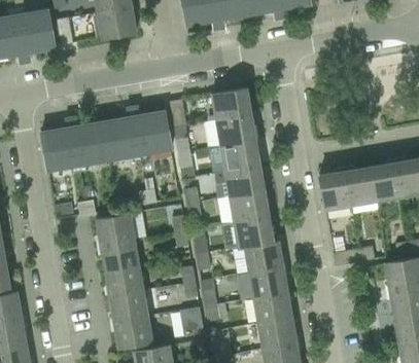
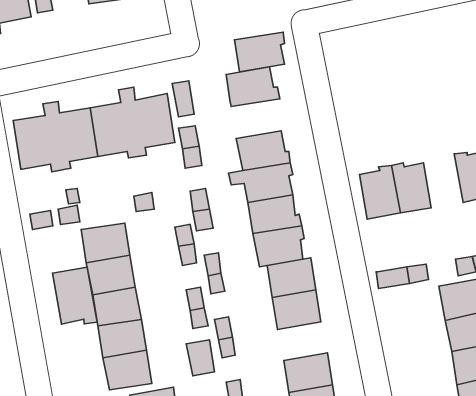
building: [216,114,256,146] -> [234,32,285,72]
building: [371,158,403,202] -> none
building: none -> [53,267,97,324]
building: [253,293,293,324] -> none

